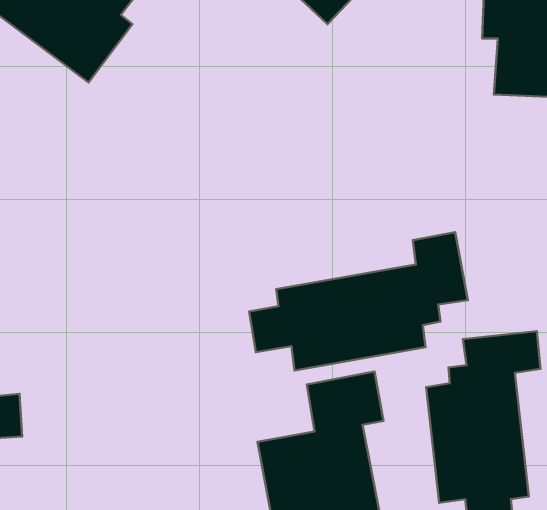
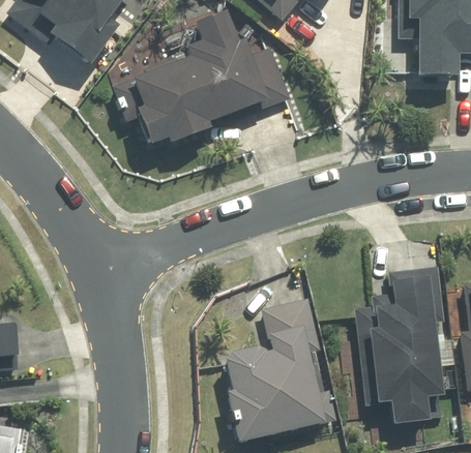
building: none -> [115,12,267,148]
building: [249,232,468,371] -> none

